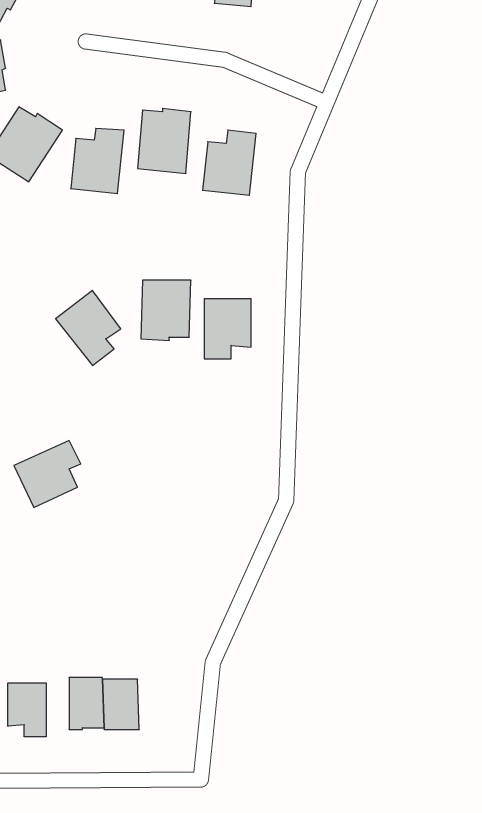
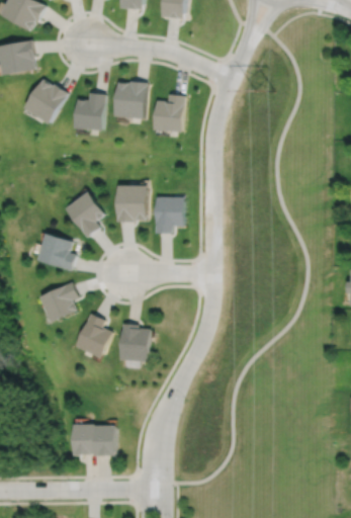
building: none -> [37,233,77,270]
building: none -> [76,314,114,359]
building: none -> [119,324,151,363]
building: [8,683,46,737] -> none

